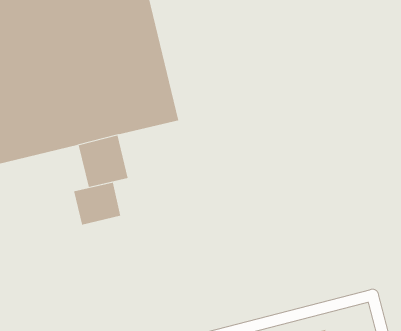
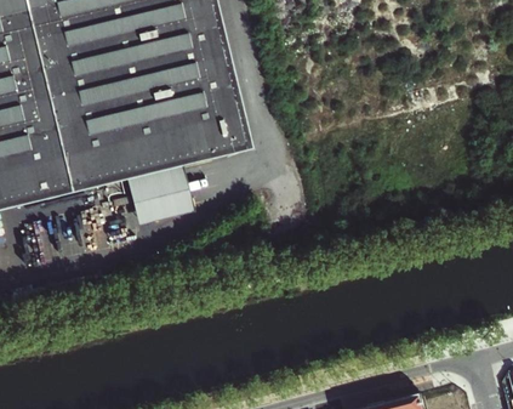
building: [74,182,121,226] -> none

